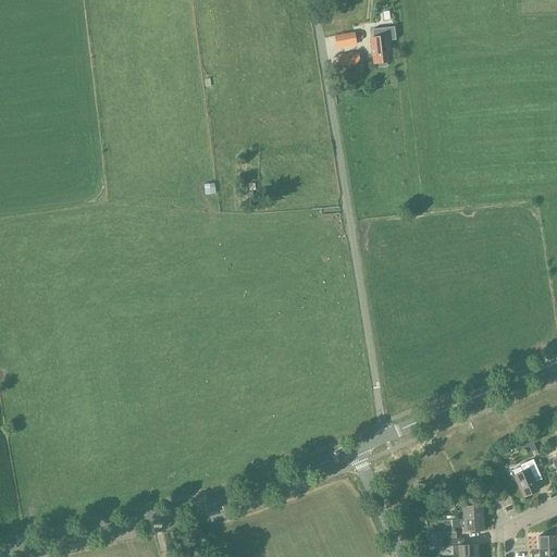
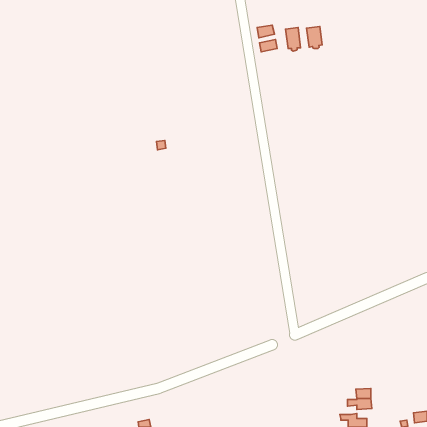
building: none -> [306,26,322,48]
building: [515,459,539,496] -> none

